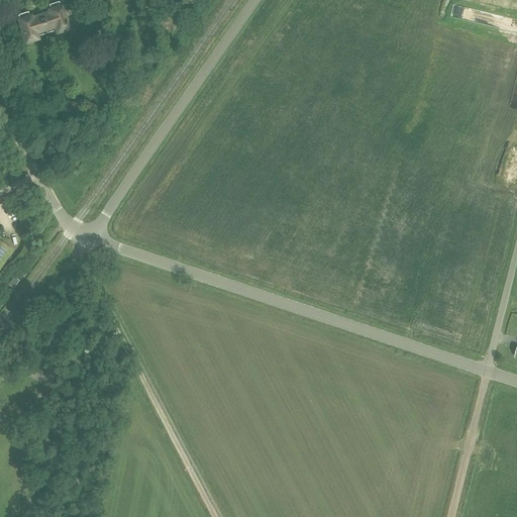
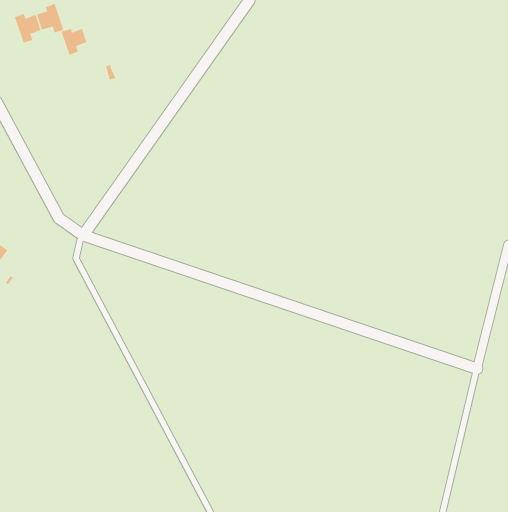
building: none -> [61,28,87,55]

